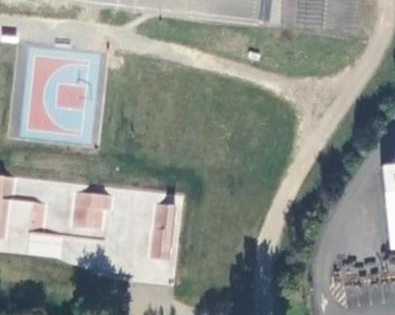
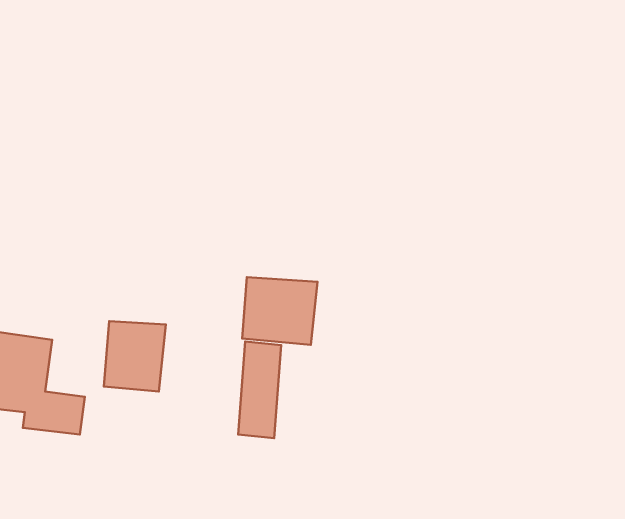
building: none -> [242,277,317,345]

